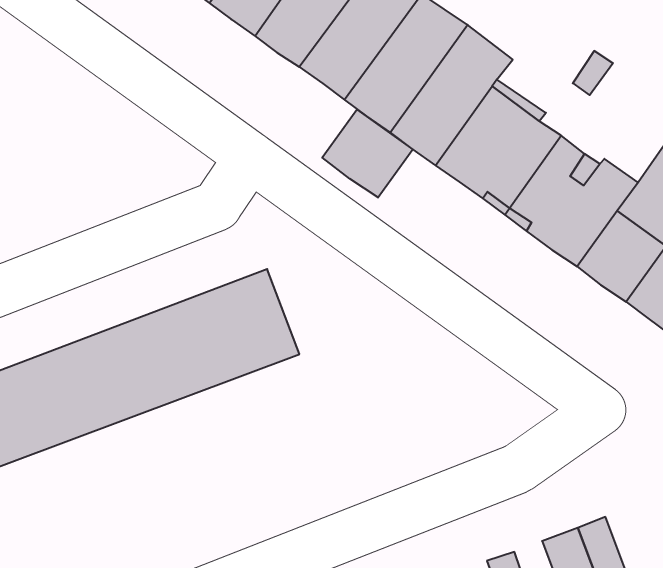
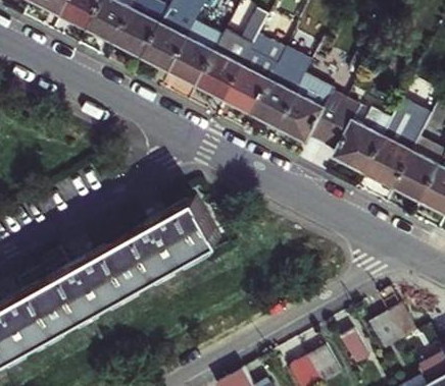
building: [322,109,413,198] -> none

